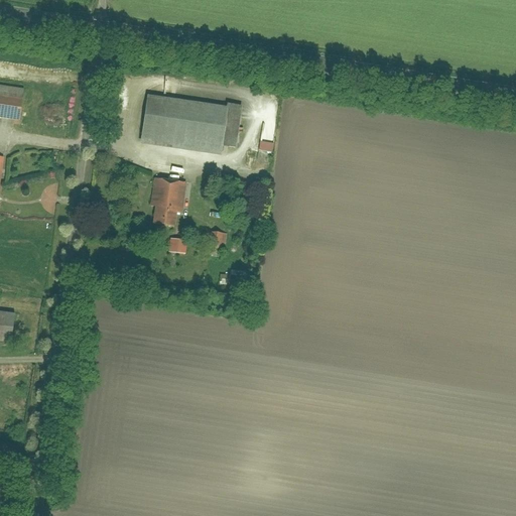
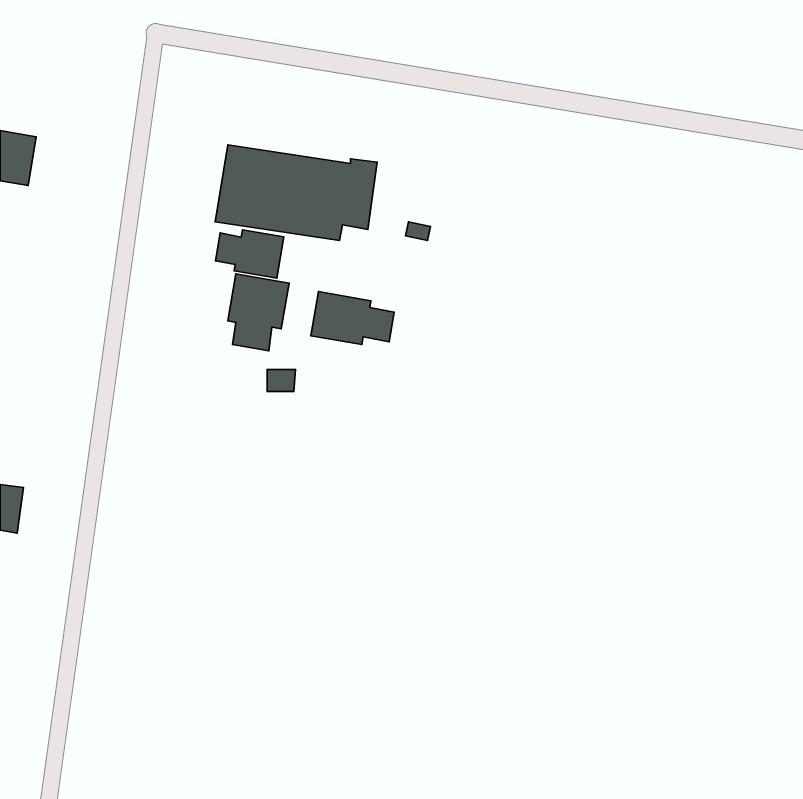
building: none -> [216,230,284,278]
building: none -> [311,292,394,345]

